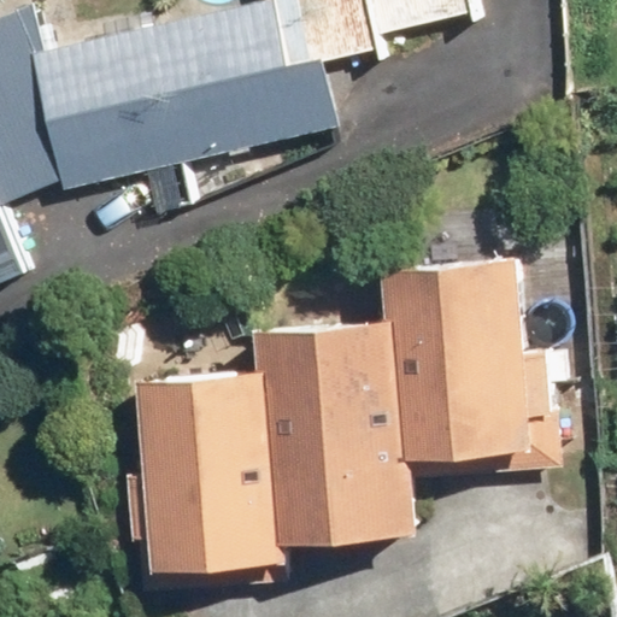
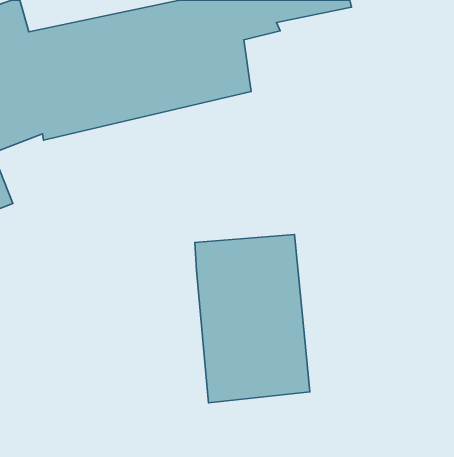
building: [387,253,527,456] -> none
building: [137,368,278,571] -> none

